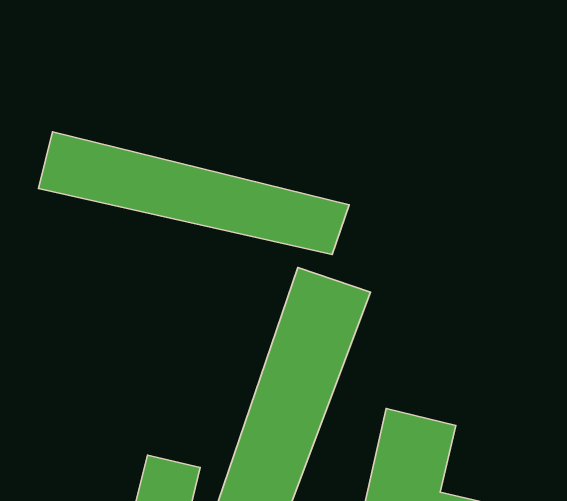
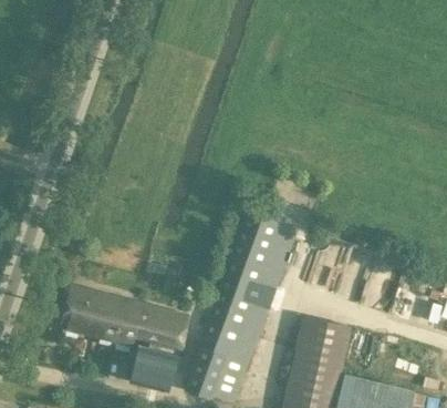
building: [39,132,349,255] -> none
building: none -> [61,286,190,349]

